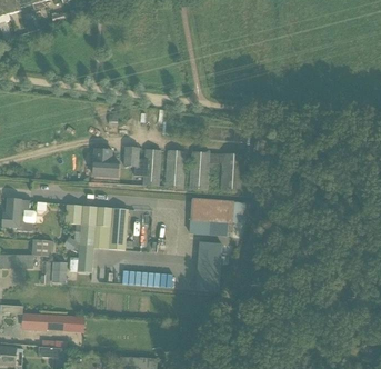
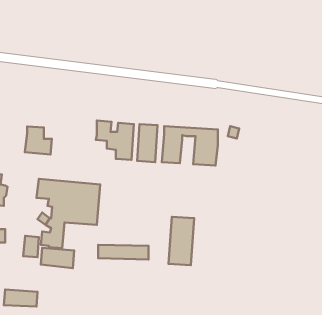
building: [92,148,119,176] -> [25,126,52,154]
building: [190,196,245,233] -> none
building: none -> [41,248,74,268]

